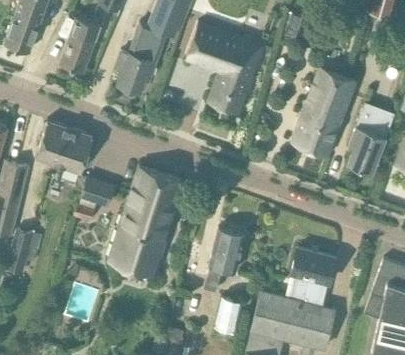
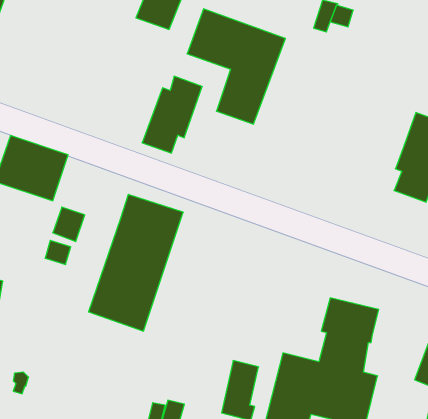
building: [59,23,101,74] -> none
building: [117,34,164,94] -> [142,76,202,153]
building: [291,69,356,158] -> none
building: [202,230,244,294] -> none

